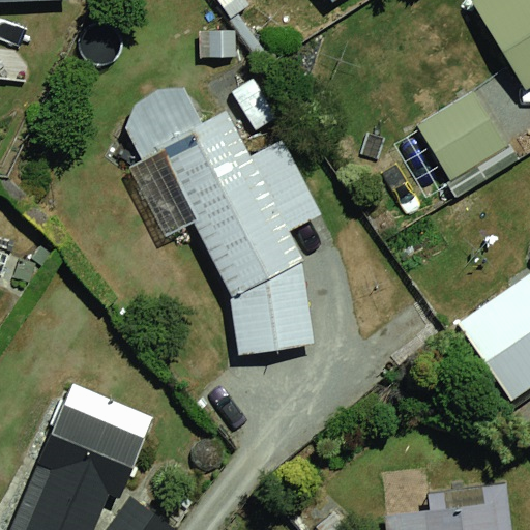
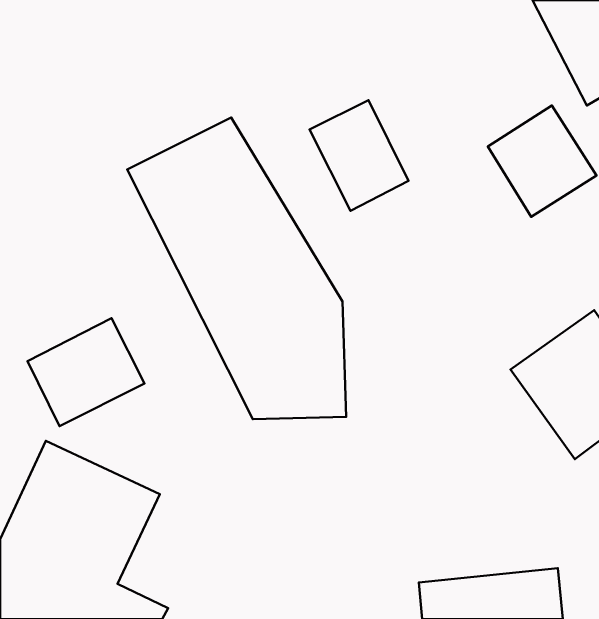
building: none -> [309,100,409,211]
building: none -> [28,318,145,426]

